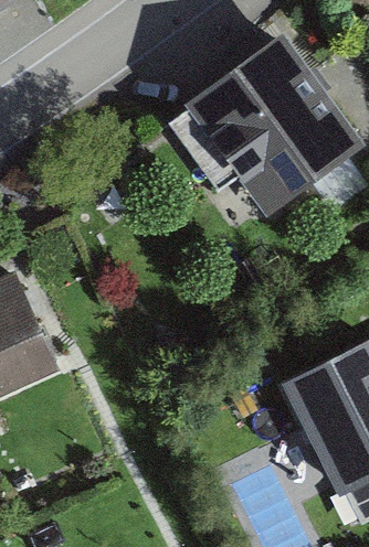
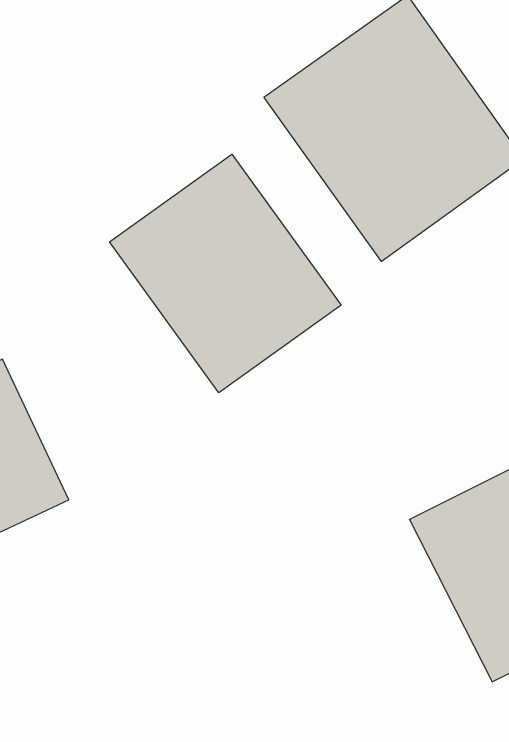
building: none -> [110,154,341,393]

